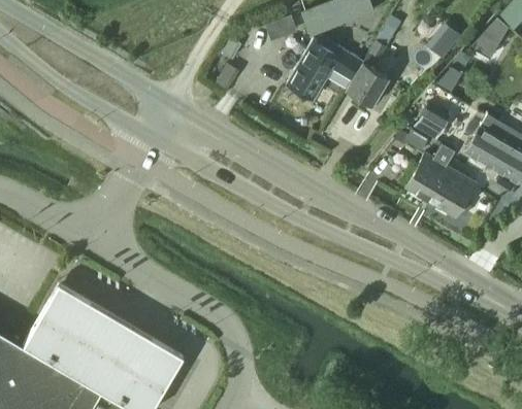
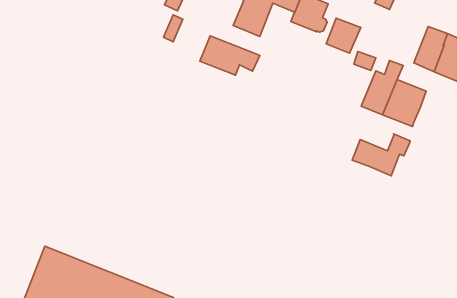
building: none -> [200,36,260,75]
building: [413,103,451,141] -> [326,18,361,53]
building: none -> [352,134,410,176]

